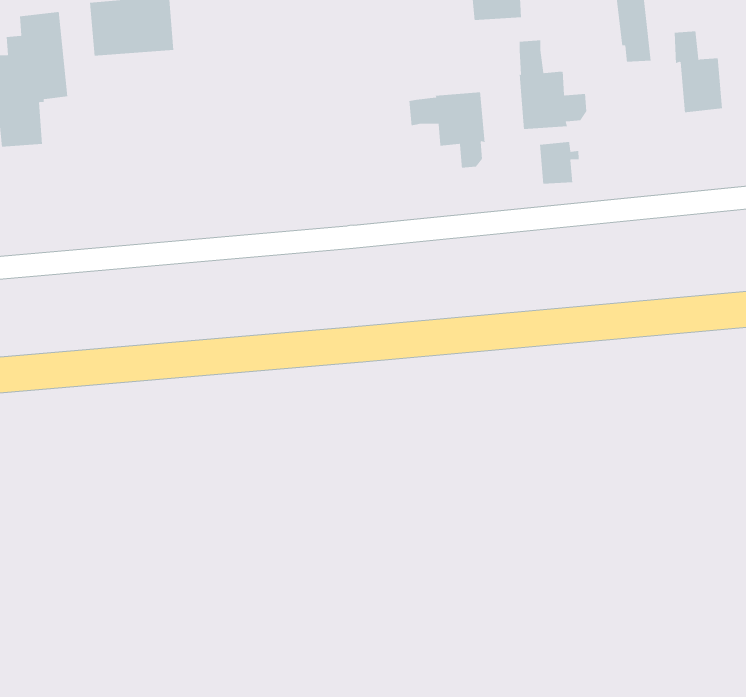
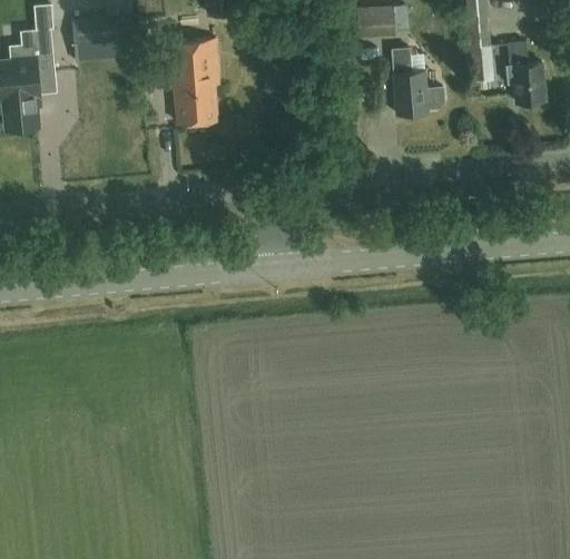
building: none -> [166,40,218,124]
building: [409,92,485,168] -> none
building: [540,141,579,184] -> none

